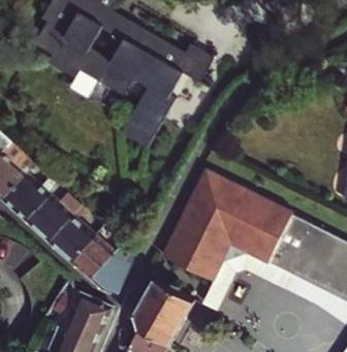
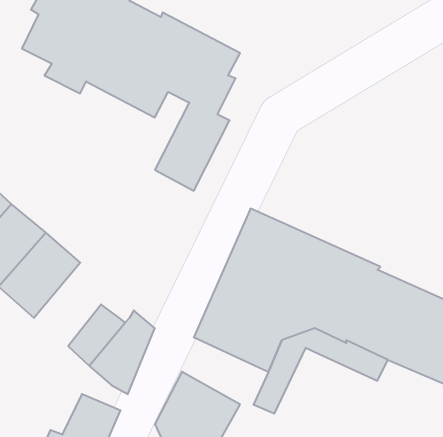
building: [51,205,105,263] -> none

